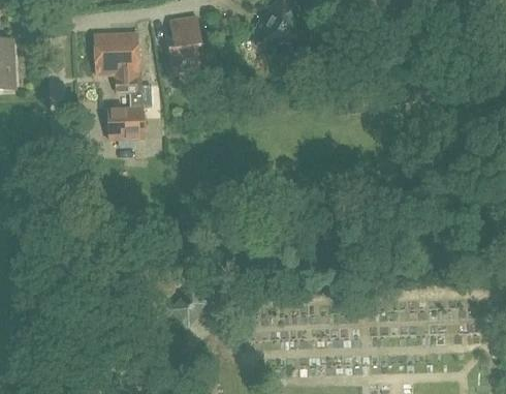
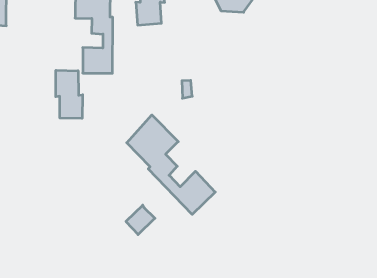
building: none -> [56,70,83,118]
building: none -> [127,115,215,214]

